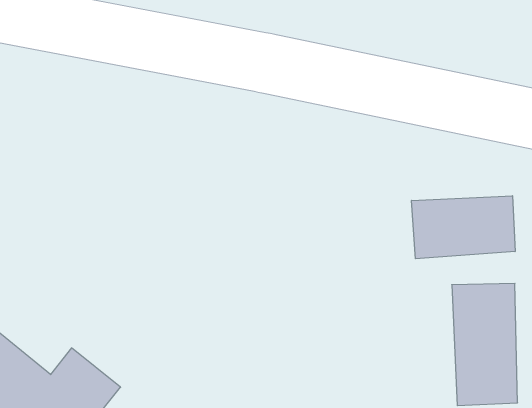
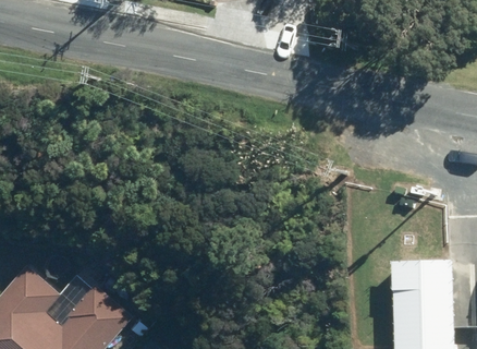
building: [412,196,515,259] -> none

